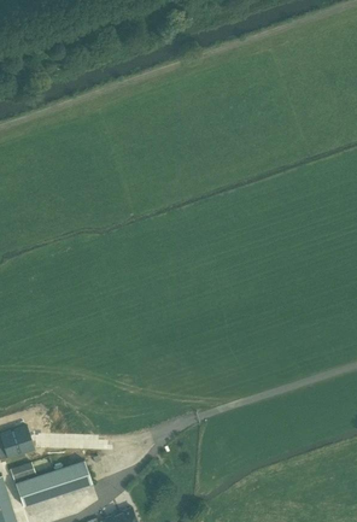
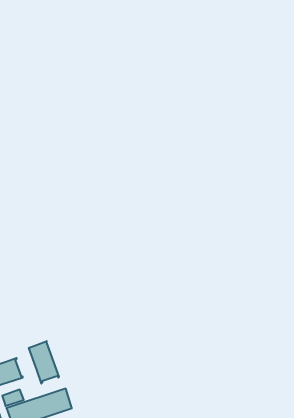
building: none -> [29,341,59,384]

